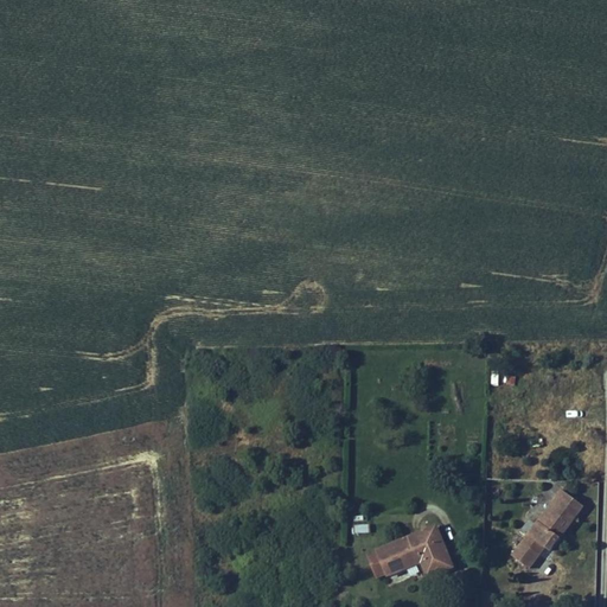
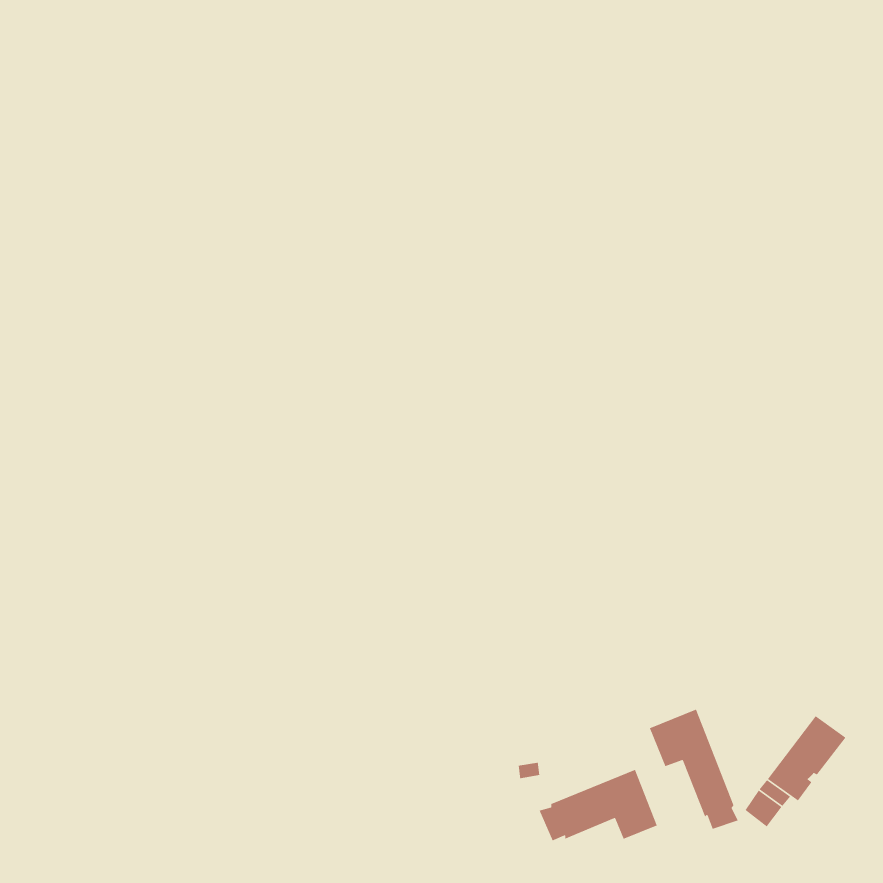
building: none -> [649,709,739,830]

